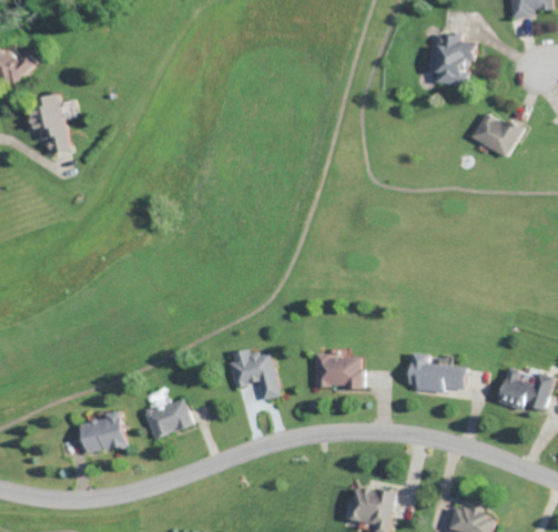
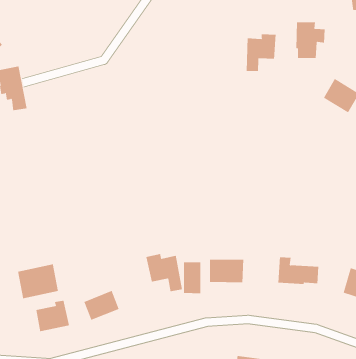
building: none -> [246,34,276,72]
building: none -> [183,261,201,294]
building: none -> [17,263,59,299]

